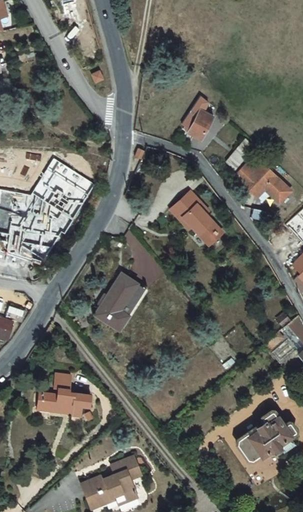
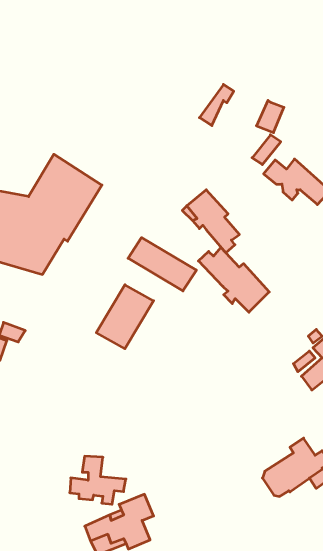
building: [192,111,216,139] -> [256,100,284,133]
building: none -> [128,238,196,291]
building: none -> [198,248,269,312]
building: [42,374,91,416] -> [70,456,126,504]

